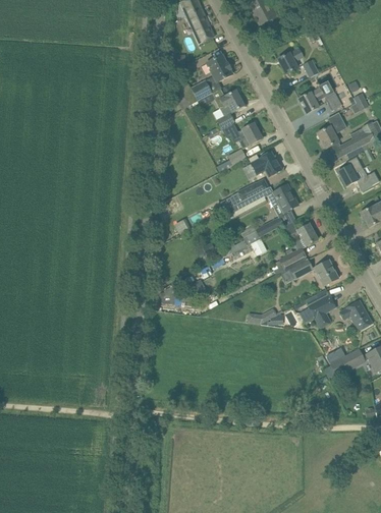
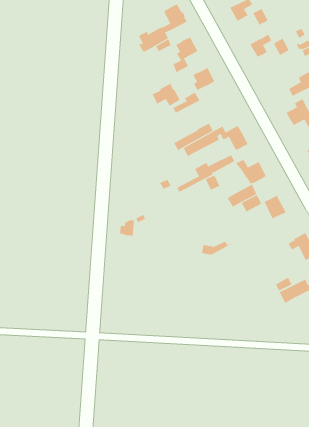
building: [317,112,345,148] -> none
building: [251,151,281,176] -> [152,83,181,107]
building: [298,294,335,328] -> none

